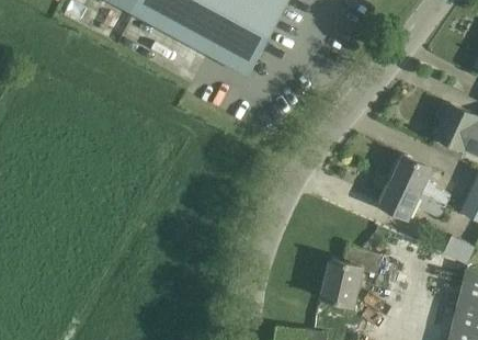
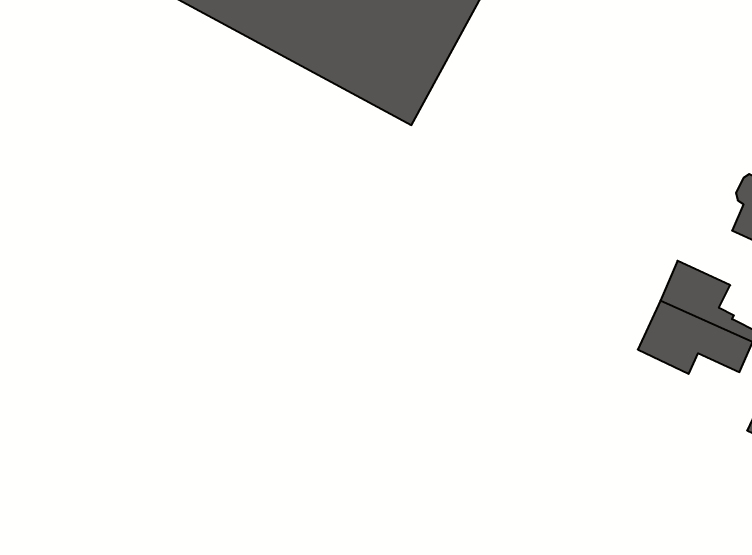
building: [321,249,382,307] -> none

